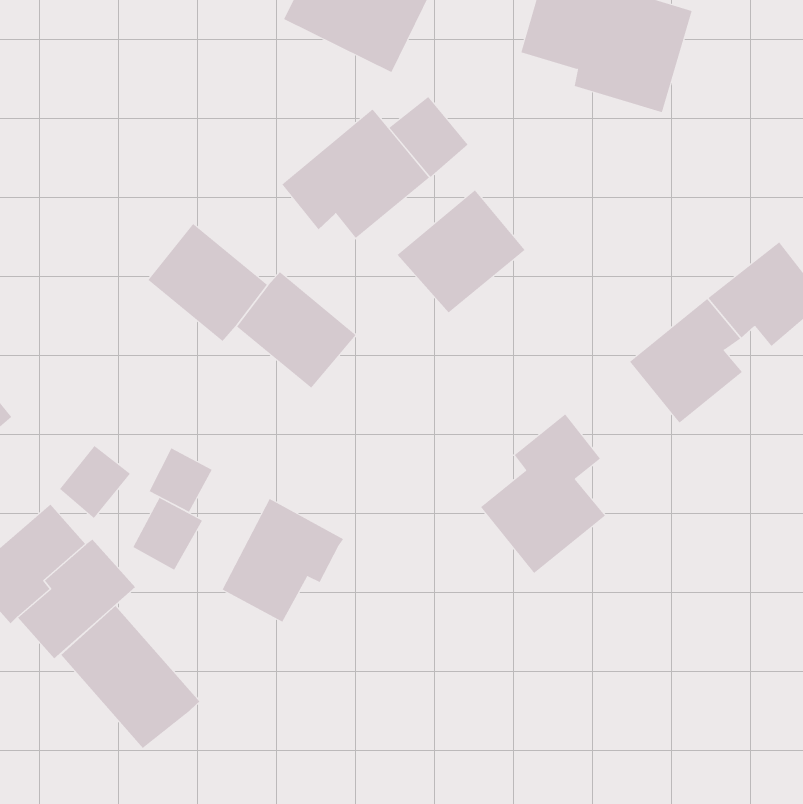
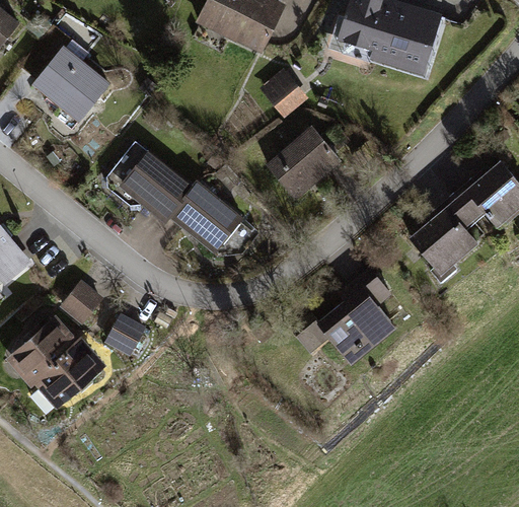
building: none -> [33,48,108,122]
building: [281,109,430,239] -> none
building: [149,447,212,513] -> none
building: [222,498,344,622] -> none
building: [60,605,200,749] -> none

